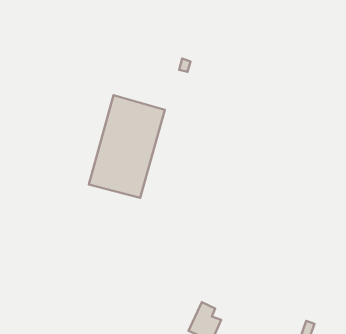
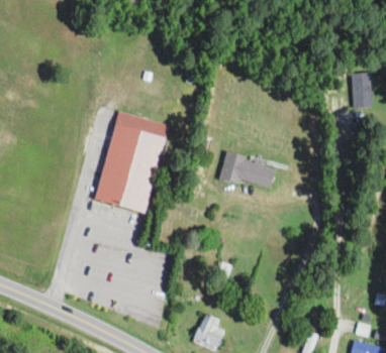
building: none -> [220,154,277,189]

